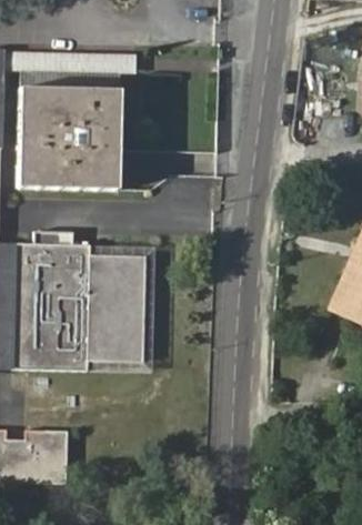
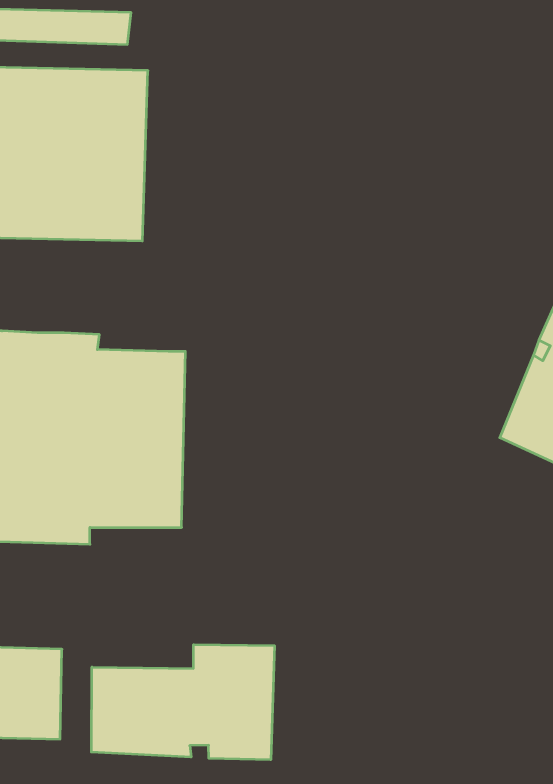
building: none -> [91,645,274,760]

